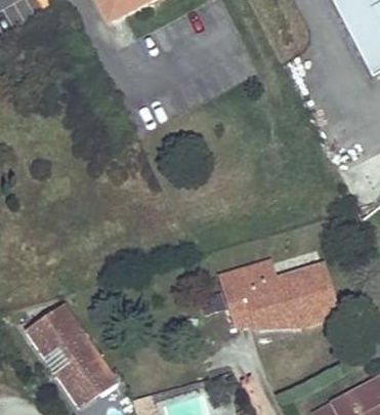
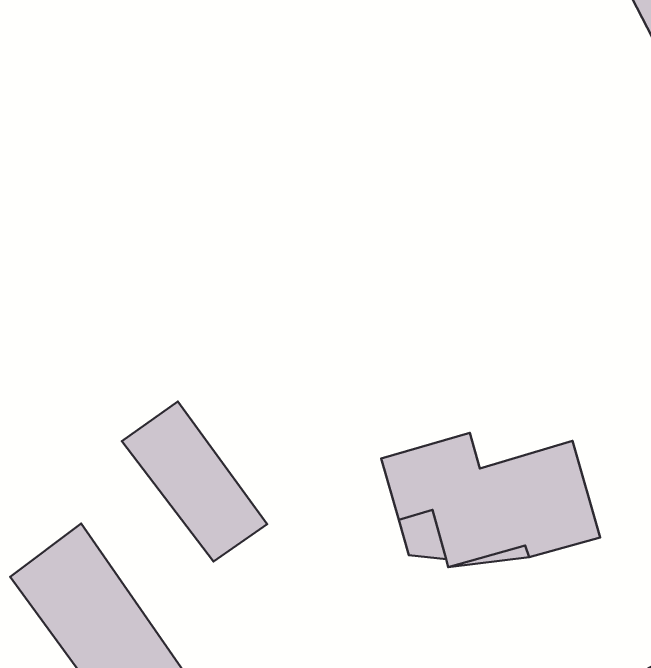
building: none -> [122,402,267,561]

